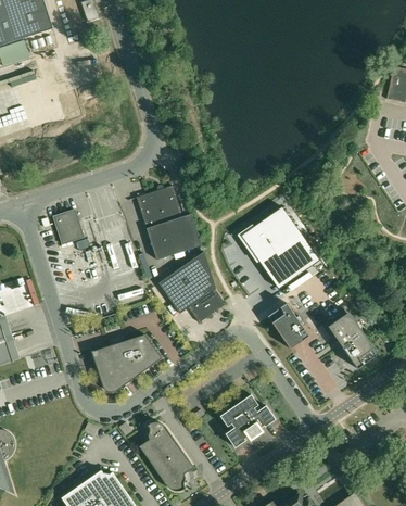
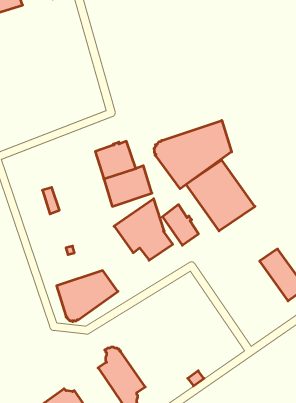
building: none -> [154,120,232,189]
building: [52,208,84,243] -> none
building: [267,302,308,349] -> [162,205,198,245]
building: [219,393,275,446] -> none

